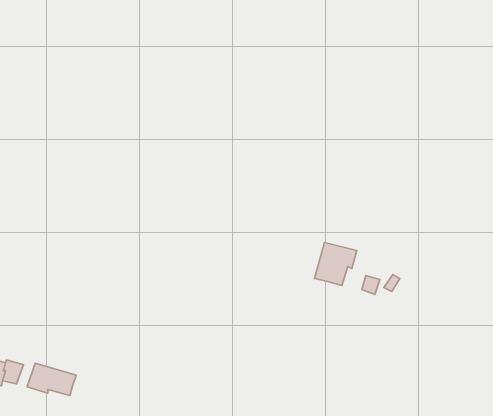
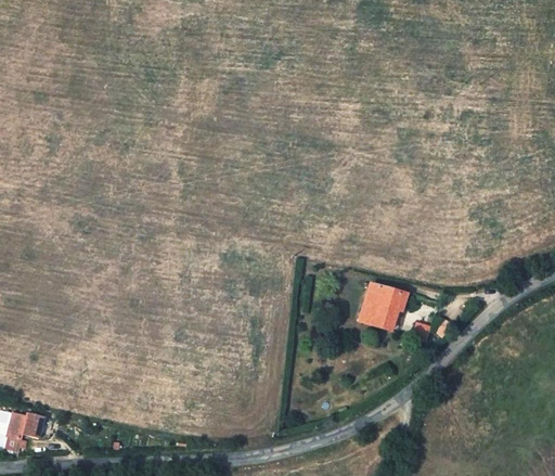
building: [27,363,76,395] -> none

